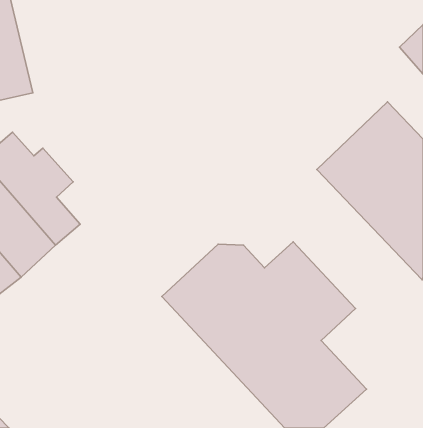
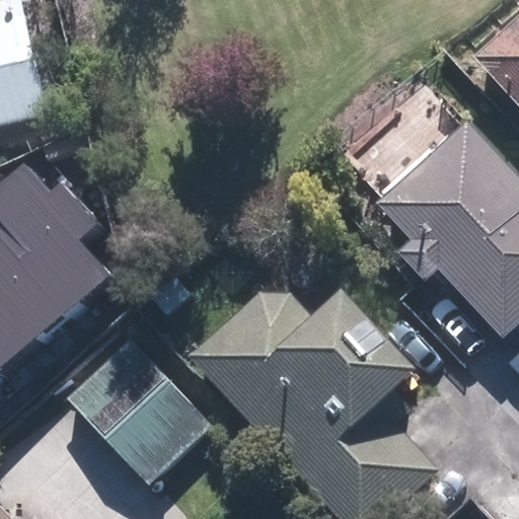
building: none -> [71,343,209,483]

